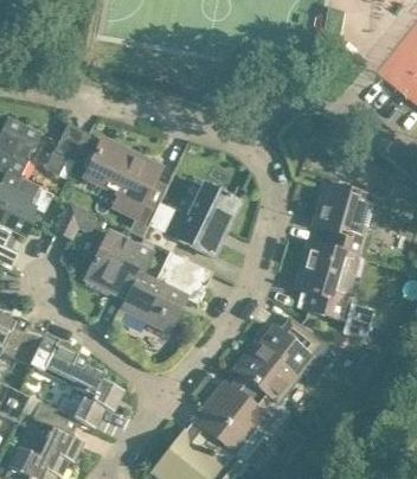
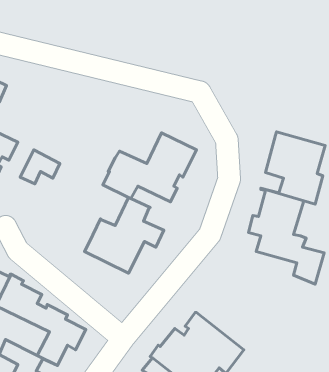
building: [44,122,89,175] -> none
building: [82,140,159,238] -> none
building: [88,232,150,299] -> none
building: [233,315,331,400] -> none

